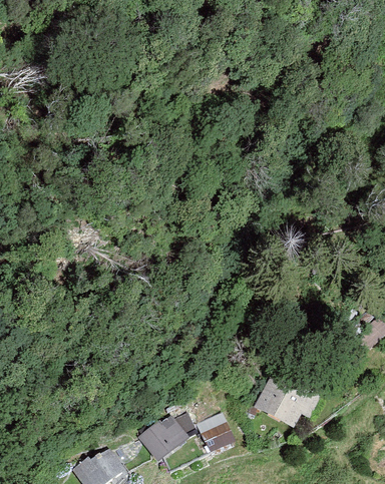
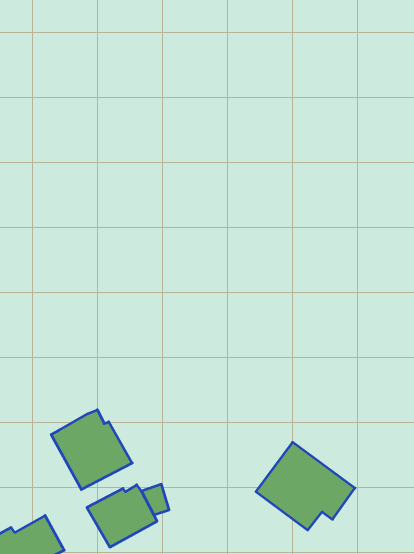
building: none -> [51,410,132,490]
building: [198,413,236,451] -> none

